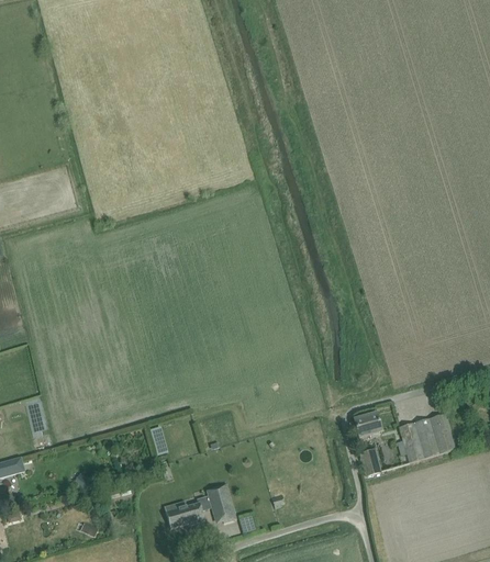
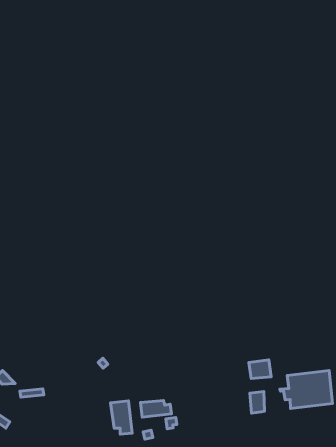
building: none -> [140,400,171,417]
building: [163,503,203,528] -> none

